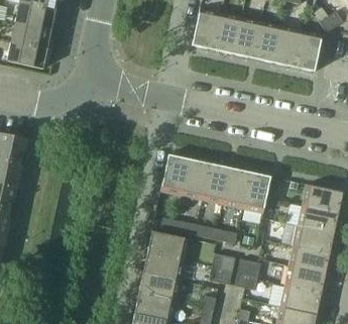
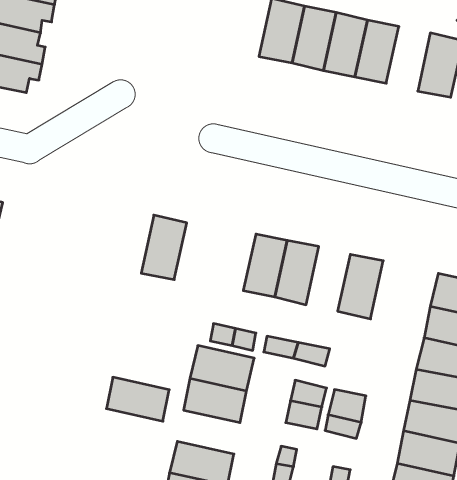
building: [273,26,302,68] -> none
building: [160,154,190,196] -> [141,215,187,280]
building: [222,168,250,209] -> none
building: [139,273,180,301] -> [106,377,169,421]

